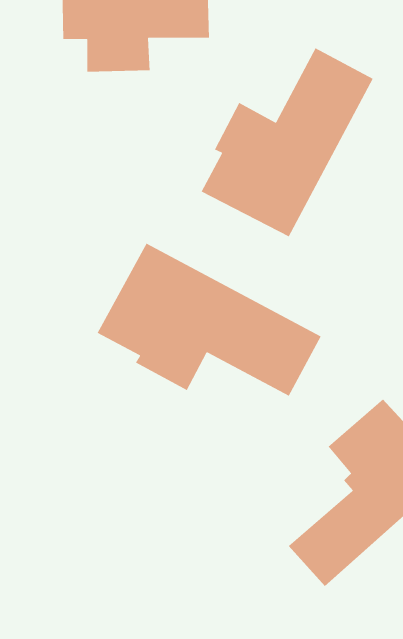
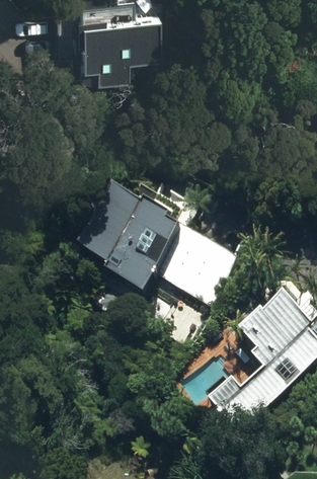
building: [201,47,374,238] -> none

